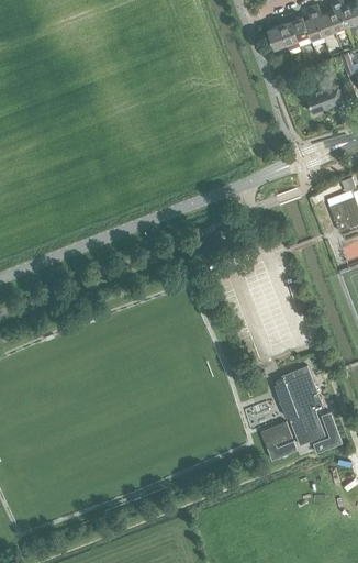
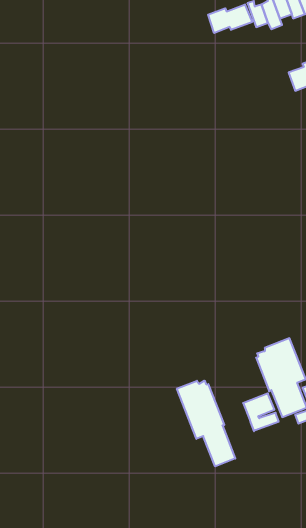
building: none -> [208,4,252,33]
building: none -> [177,381,235,466]

